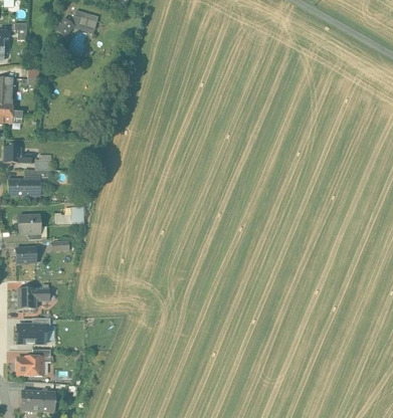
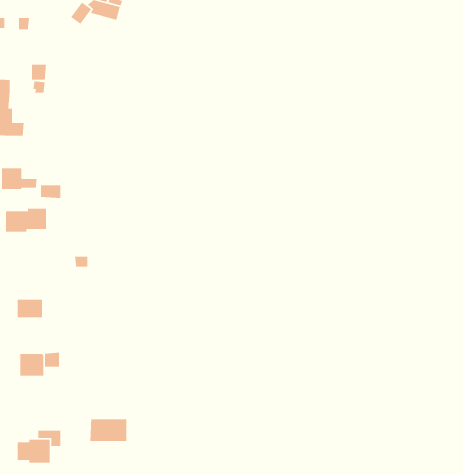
building: [18,215,41,234] -> none
building: [17,325,46,343] -> [89,418,127,442]

